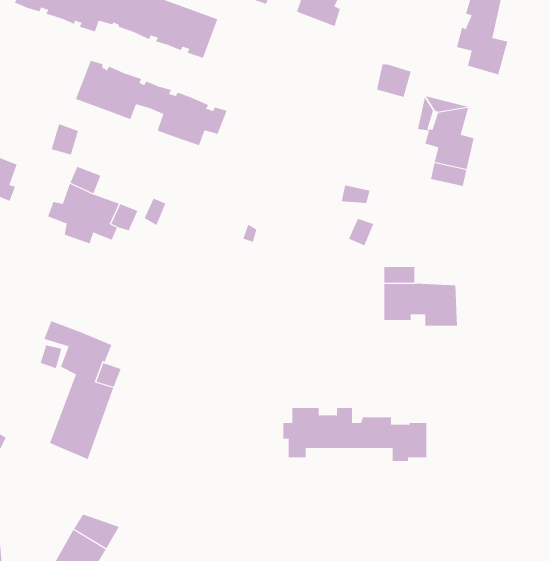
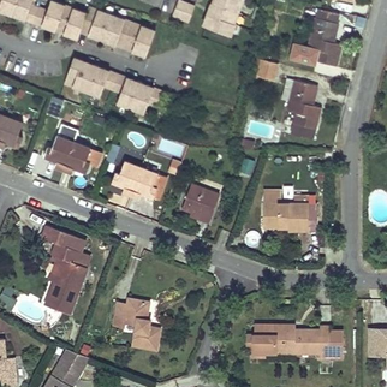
building: none -> [111,162,166,201]
building: none -> [183,185,221,224]
building: [282,407,427,461] -> [248,323,341,358]
building: none -> [113,298,160,349]

